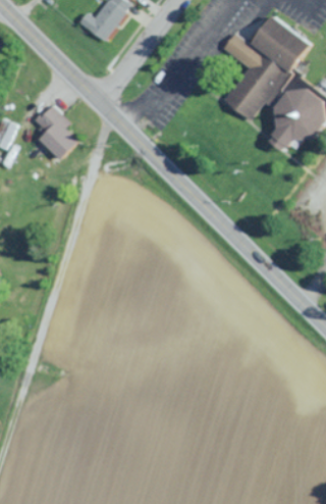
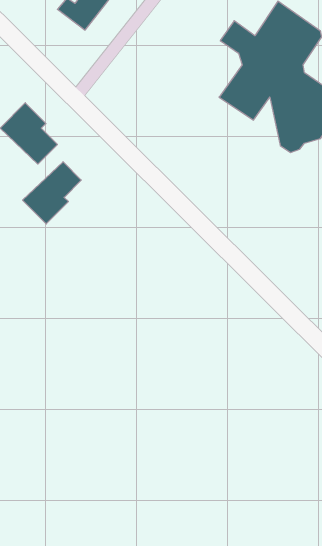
building: none -> [23,162,81,224]

